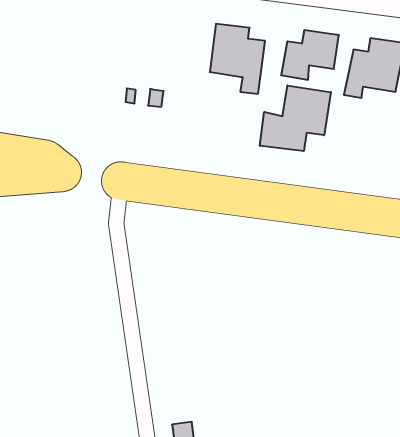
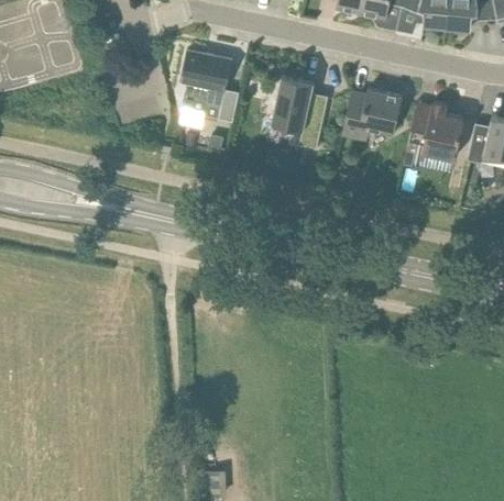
building: none -> [180,51,232,120]
building: [260,85,331,151] -> none

